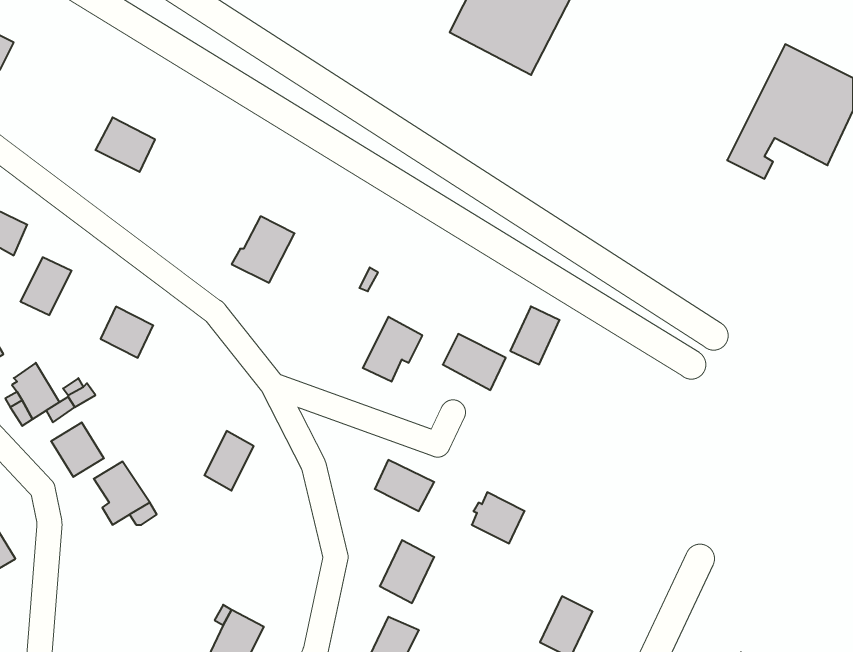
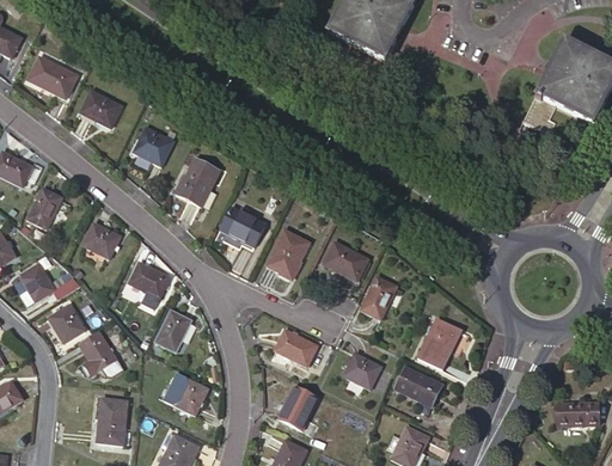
building: none -> [27,56,76,98]
building: none -> [133,127,173,165]
building: none -> [214,207,264,247]
building: [510,306,560,364] -> [360,278,394,319]
building: none -> [129,262,169,298]
building: none -> [417,317,460,368]
building: none -> [394,367,441,405]
building: none -> [173,378,208,413]
building: none -> [97,398,127,443]
building: none -> [557,403,599,425]

